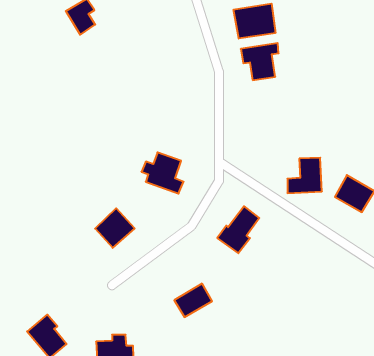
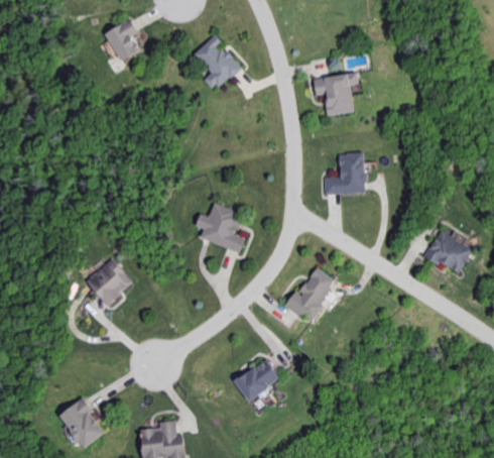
building: [234,4,275,39] -> none
building: none -> [194,35,239,92]
building: [287,158,322,193] -> [324,152,365,195]
building: [95,208,135,248] -> [85,258,132,306]

